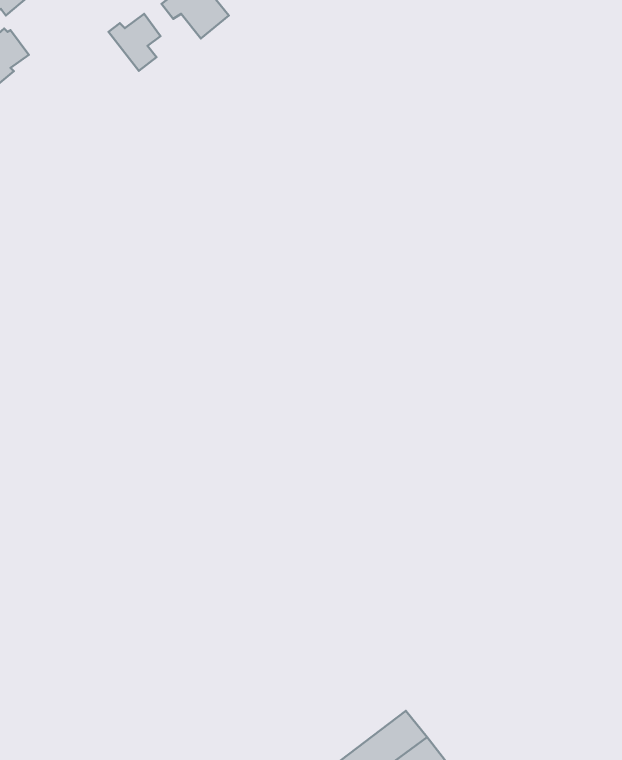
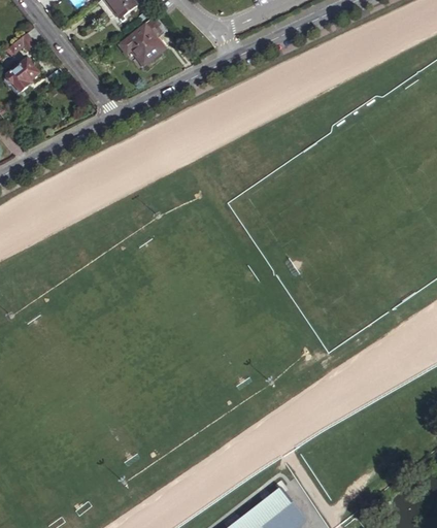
building: [108,14,161,71] -> none

